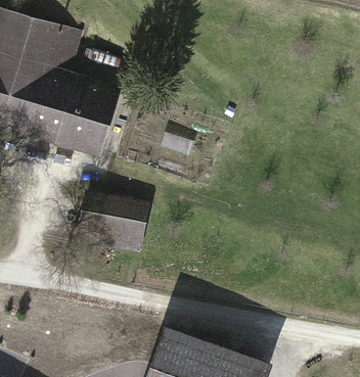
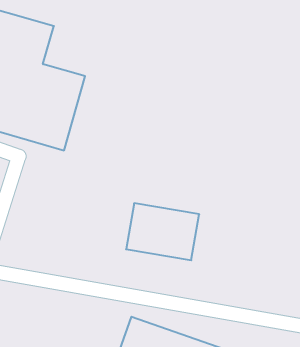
building: [76,194,150,252] -> [126,203,199,260]

